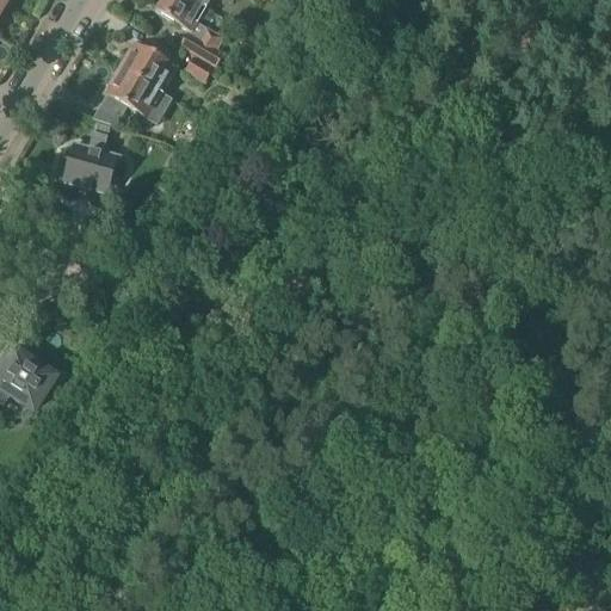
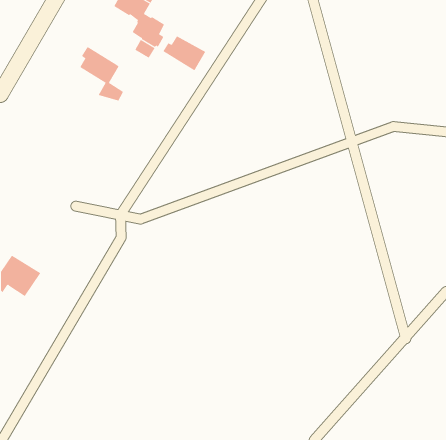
building: [119,42,179,91] -> [162,35,206,71]
building: [60,118,123,193] -> none

